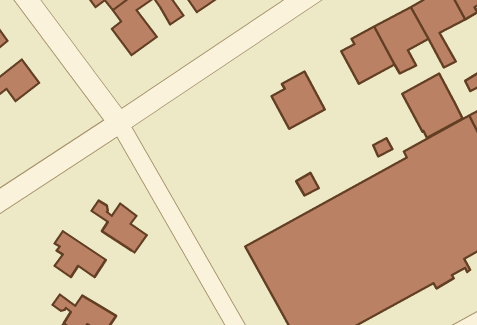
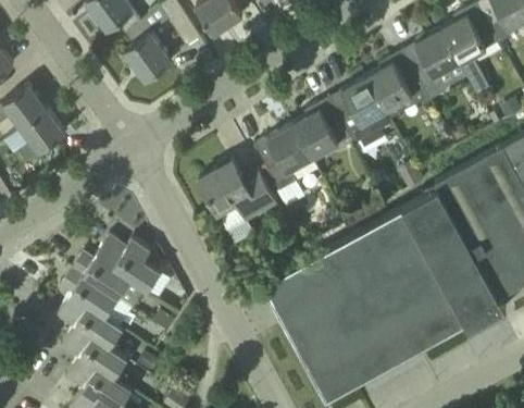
building: [402,74,463,138] -> [328,77,392,146]
building: none -> [17,111,65,164]
building: none -> [254,125,317,191]
building: none -> [199,161,277,232]
building: none -> [72,247,145,309]
building: none -> [55,306,123,348]

